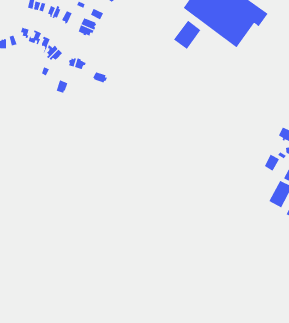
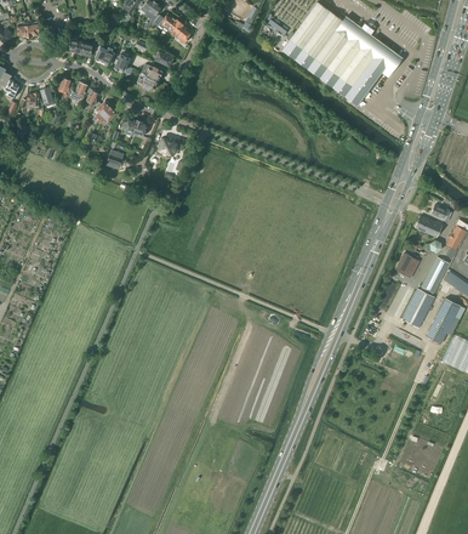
building: [173,20,201,50] -> none

